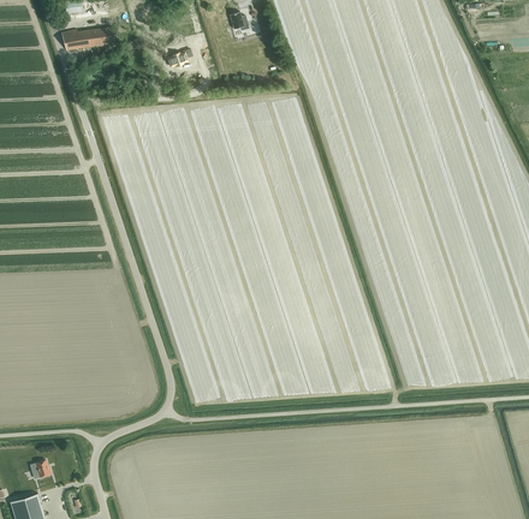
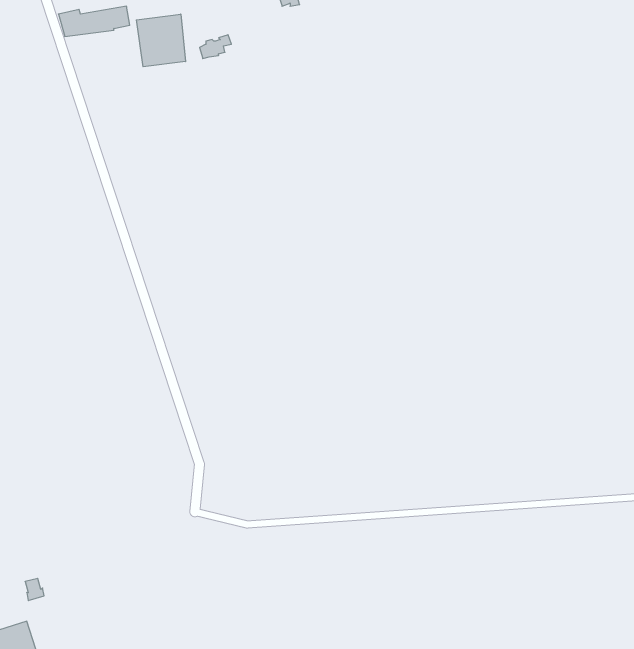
building: none -> [136,14,186,67]

